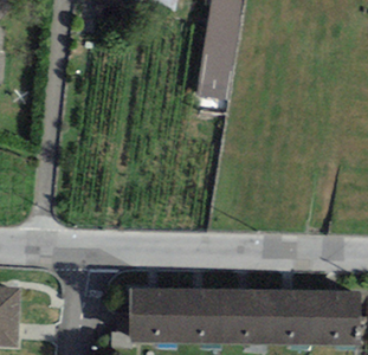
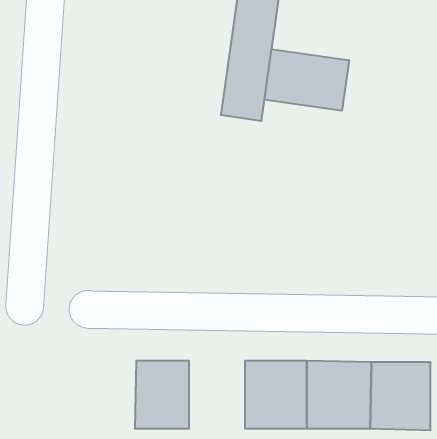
building: none -> [264,49,349,111]
building: [172,290,215,343] -> none

